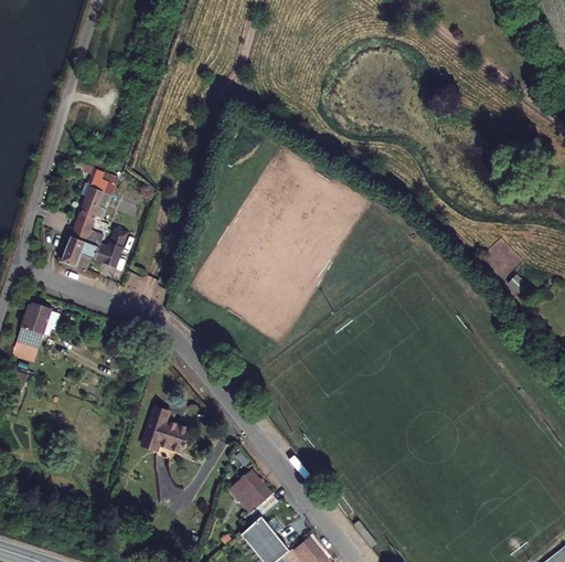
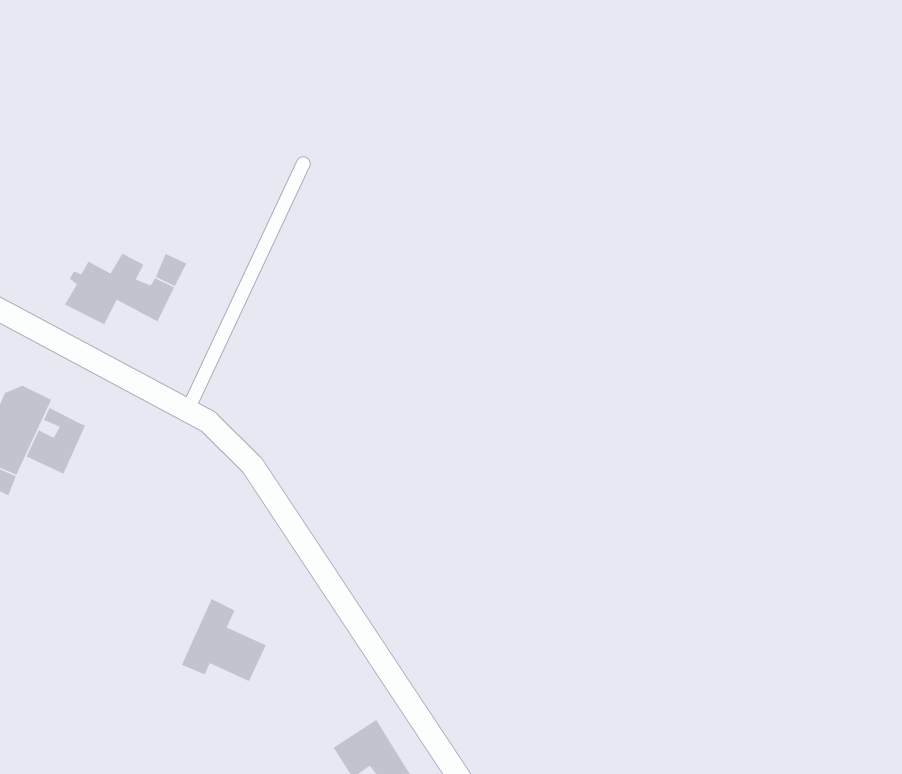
building: [67,166,117,238] -> none
building: none -> [26,407,86,475]

